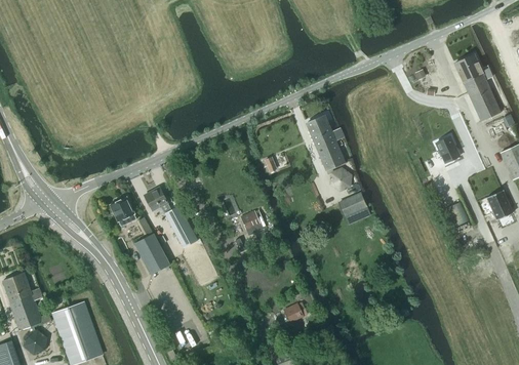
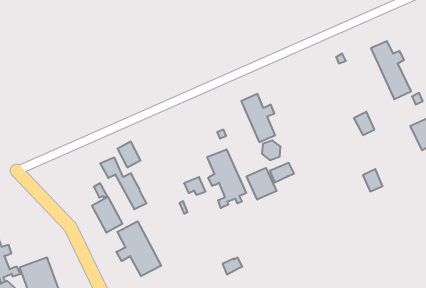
building: none -> [207,149,246,208]
building: [486,190,512,219] -> none
building: [110,197,136,227] -> [117,142,141,167]
building: none -> [247,168,277,200]
building: none -> [116,221,161,276]

